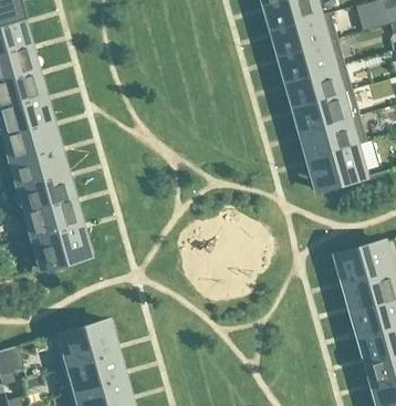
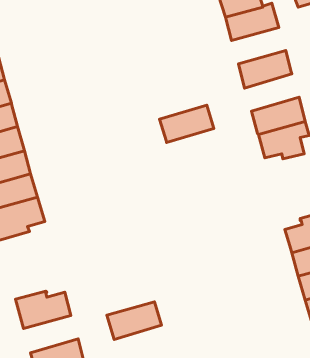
building: [285,39,345,79] -> none
building: [300,90,359,131] -> [160,105,214,142]
building: [58,354,117,395] -> [107,302,161,339]

